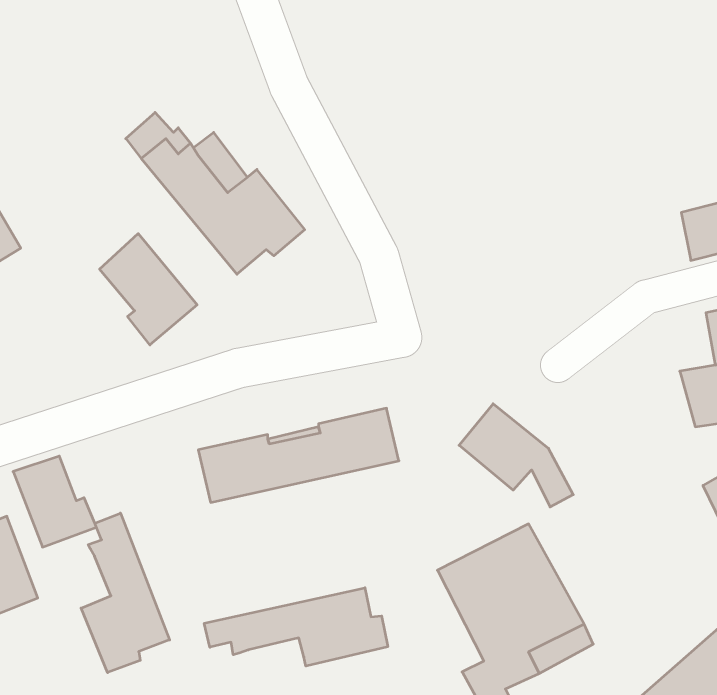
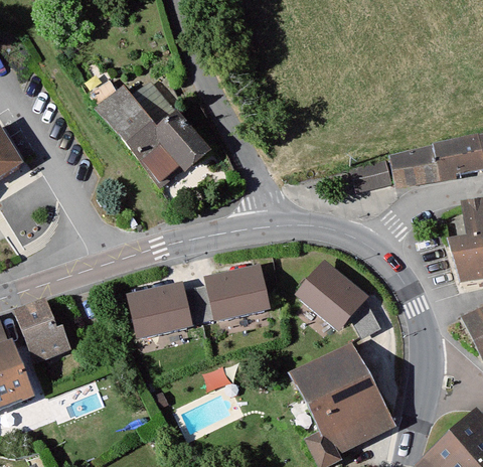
building: none -> [391,142,458,182]
building: [100,234,197,345] -> none
building: none -> [353,159,390,189]
building: [81,513,170,673] -> none
building: [204,588,388,666] -> none

